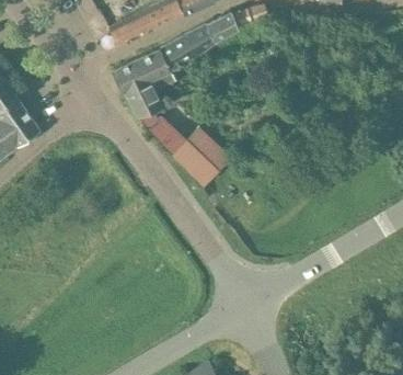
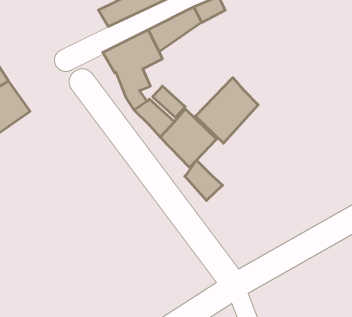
building: none -> [195,78,258,143]
building: none -> [185,160,223,201]

